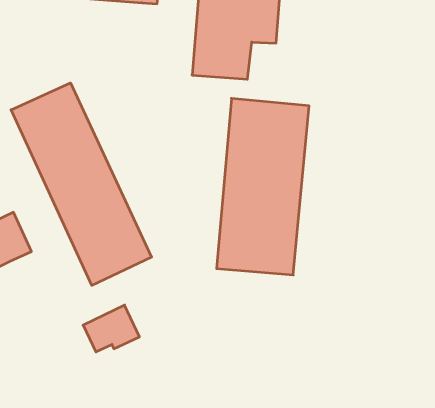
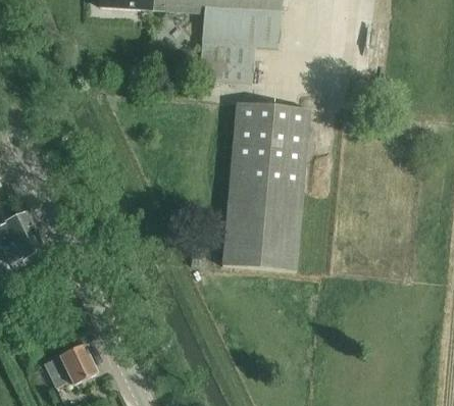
building: [11,83,152,285] -> none
building: [83,305,139,352] -> [45,342,99,387]

